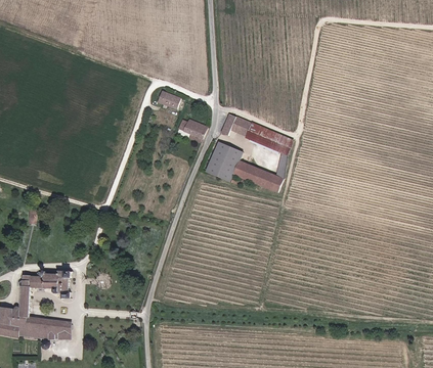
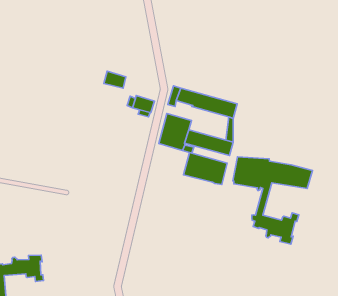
building: none -> [183,153,227,185]
building: none -> [233,157,312,244]

